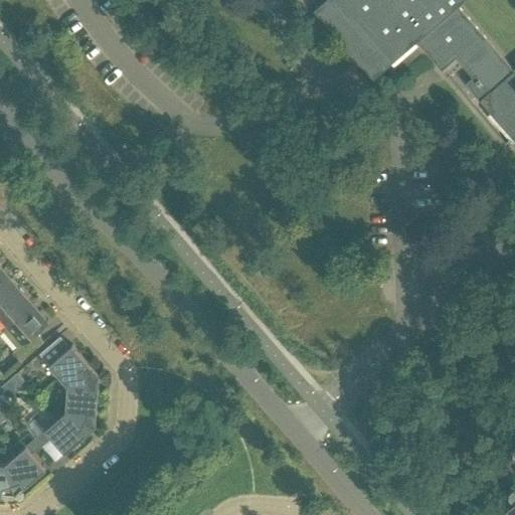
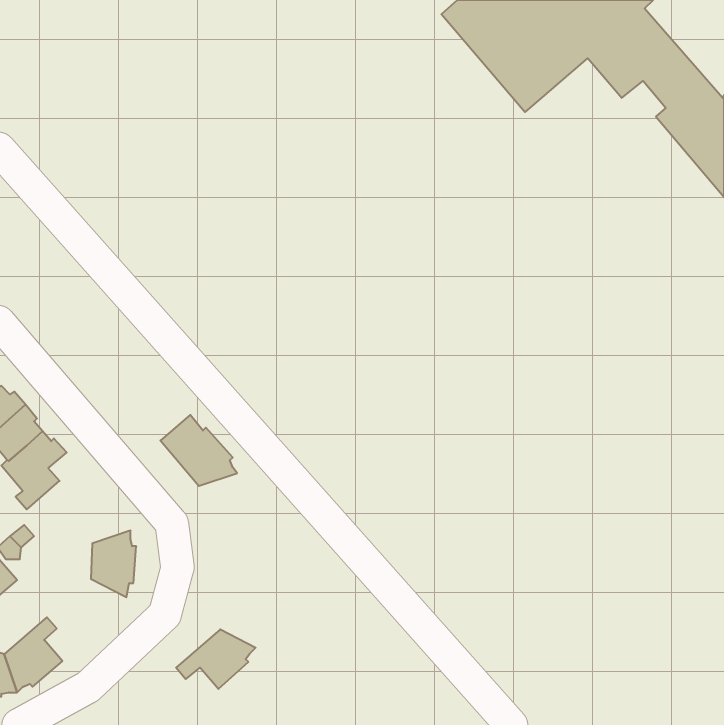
building: [38,335,93,385] -> [160,415,237,486]
building: [33,410,90,453] -> [176,629,256,689]

